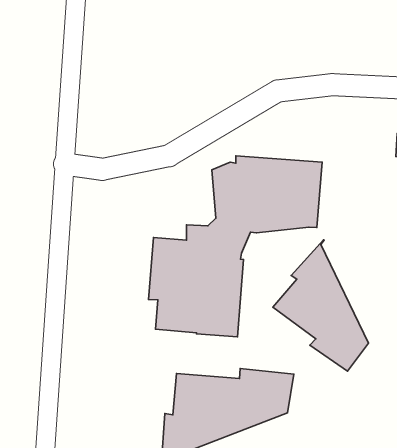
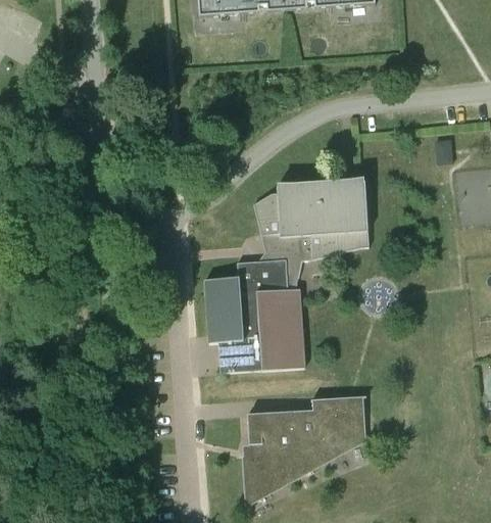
building: [273,240,369,371] -> none

